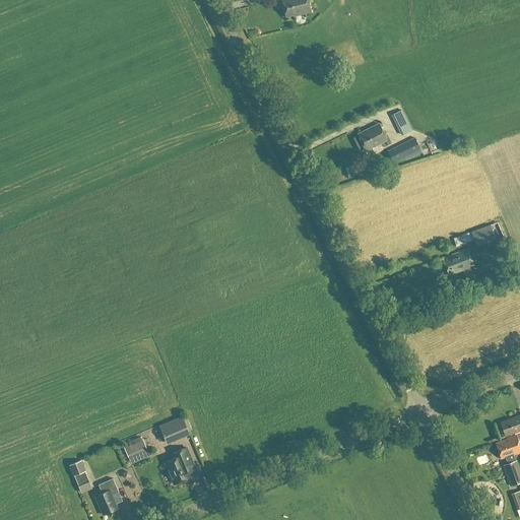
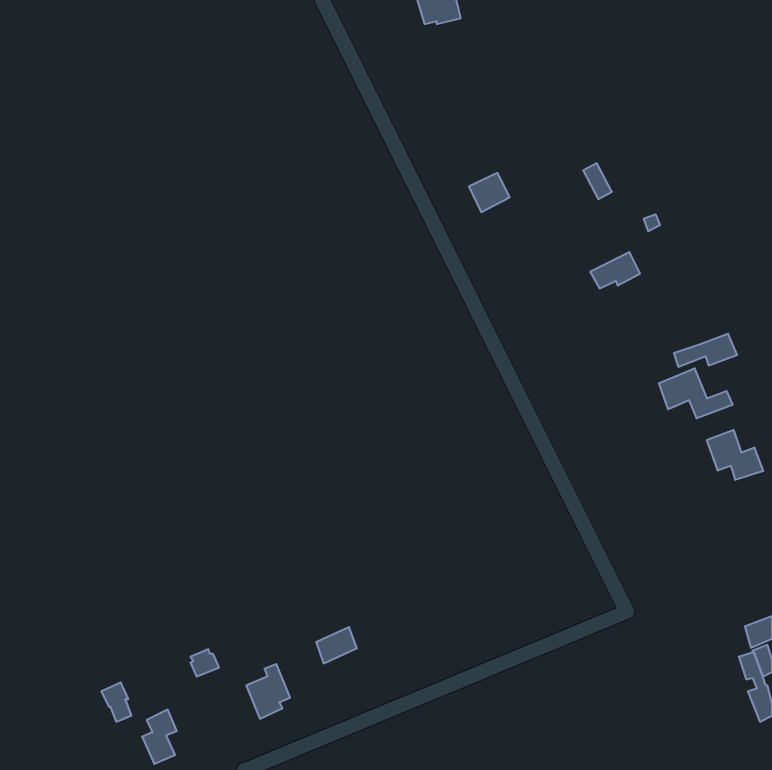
building: [359,124,386,150] -> [469,173,510,212]
building: [388,137,421,161] -> [590,252,640,288]
building: none -> [707,430,763,480]
building: [160,416,188,441] -> [316,627,357,663]

